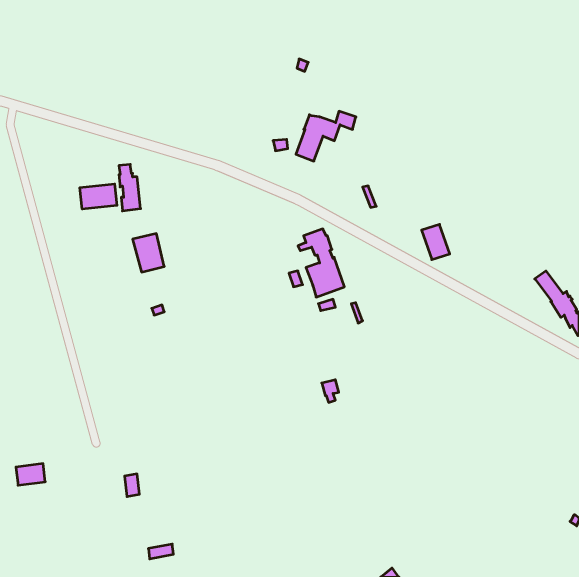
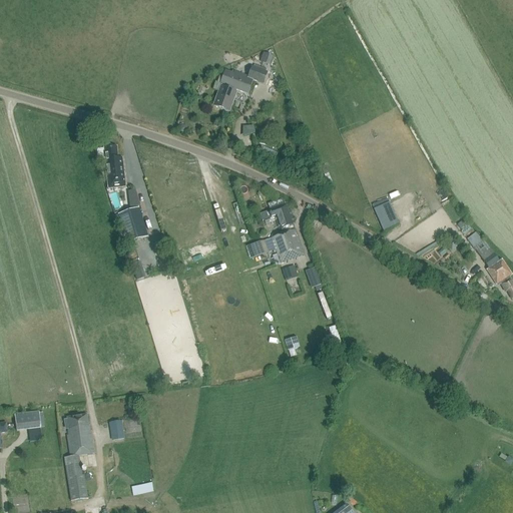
building: [296,111,356,161] -> [213,66,267,110]
building: [80,184,117,209] -> none
building: none -> [63,413,94,500]

